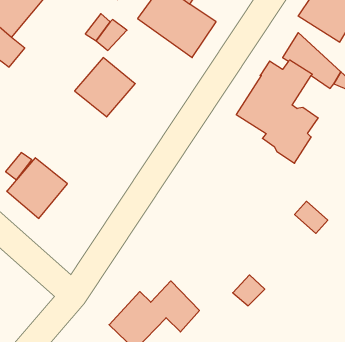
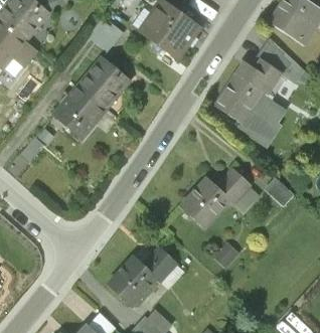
building: [7,158,67,218] -> [54,86,106,137]
building: none -> [180,169,260,226]

